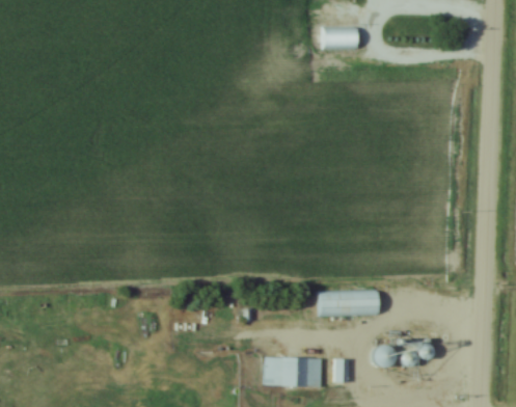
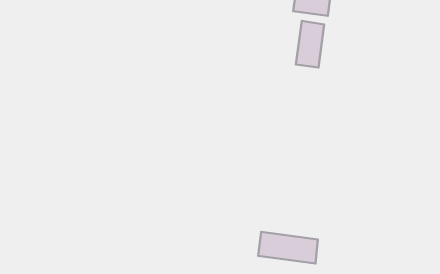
building: none -> [296,21,324,67]

